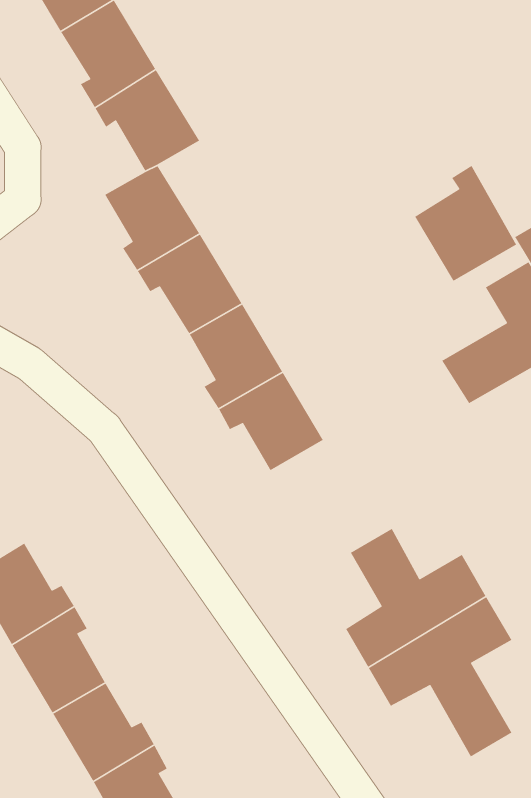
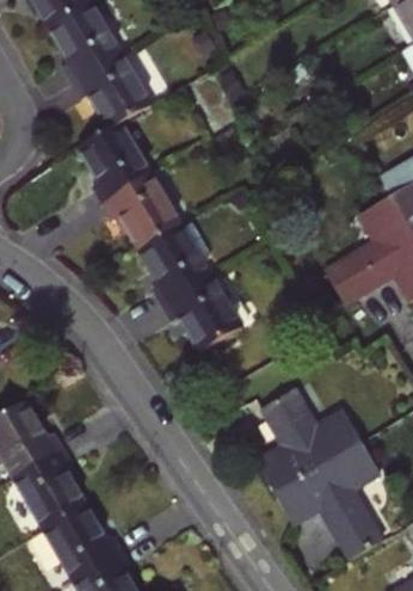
building: [414,165,517,282] -> none

